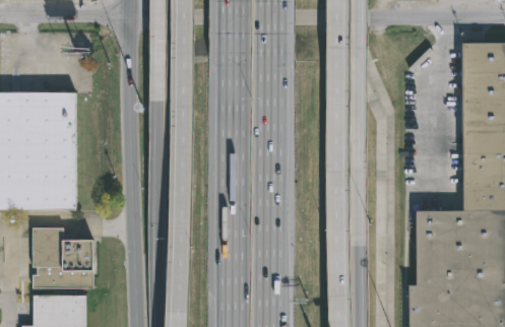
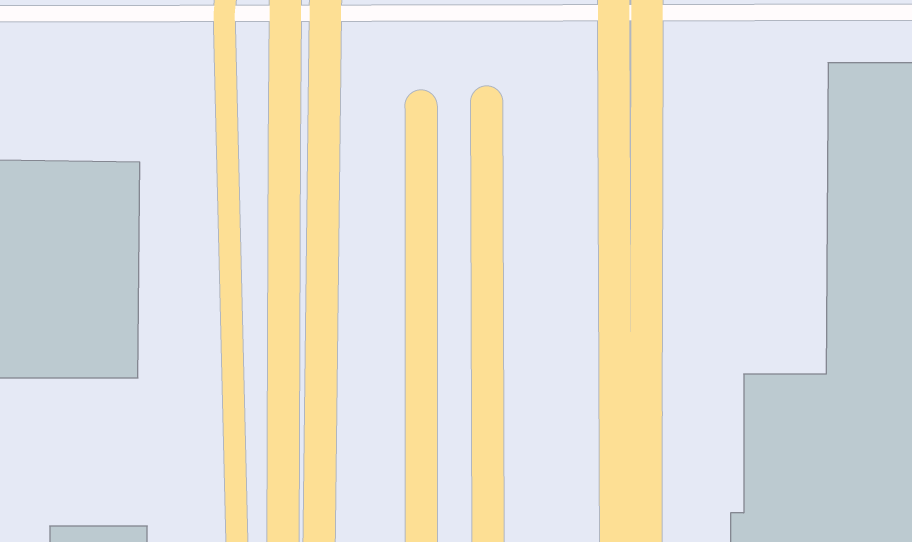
building: [35,225,97,287] -> none

